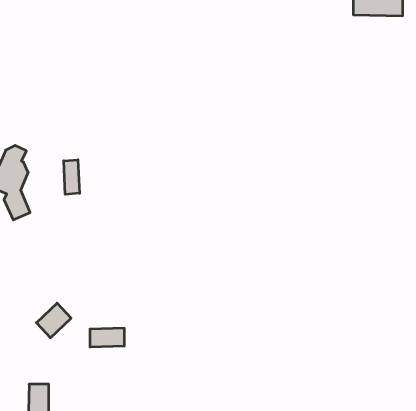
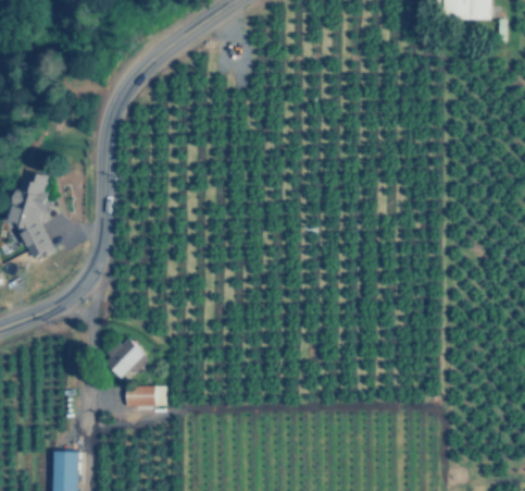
building: [64,160,80,194] -> none
building: [36,303,71,338] -> [105,336,146,377]

